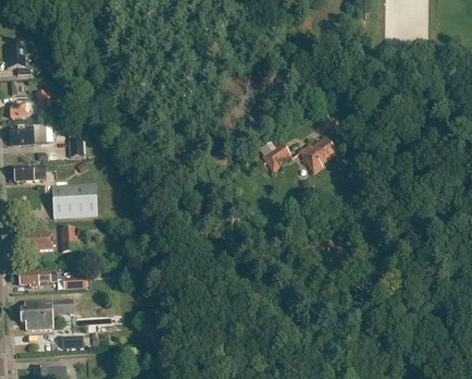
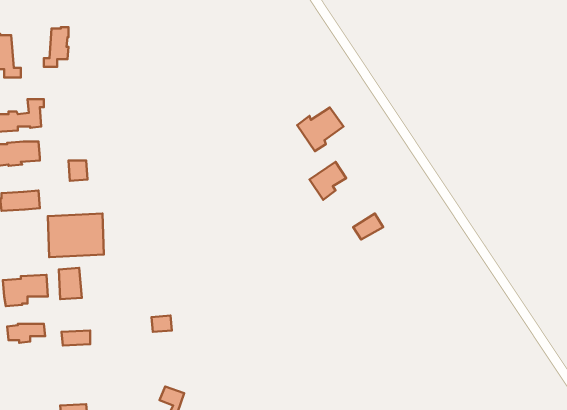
building: none -> [44,27,69,67]
building: [299,137,336,172] -> [297,108,343,151]
building: [21,298,73,329] -> none

